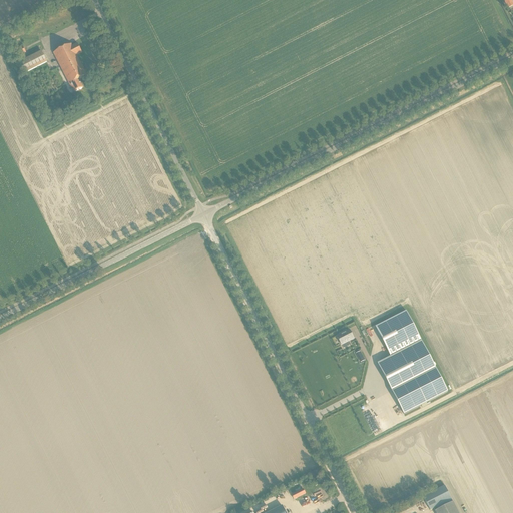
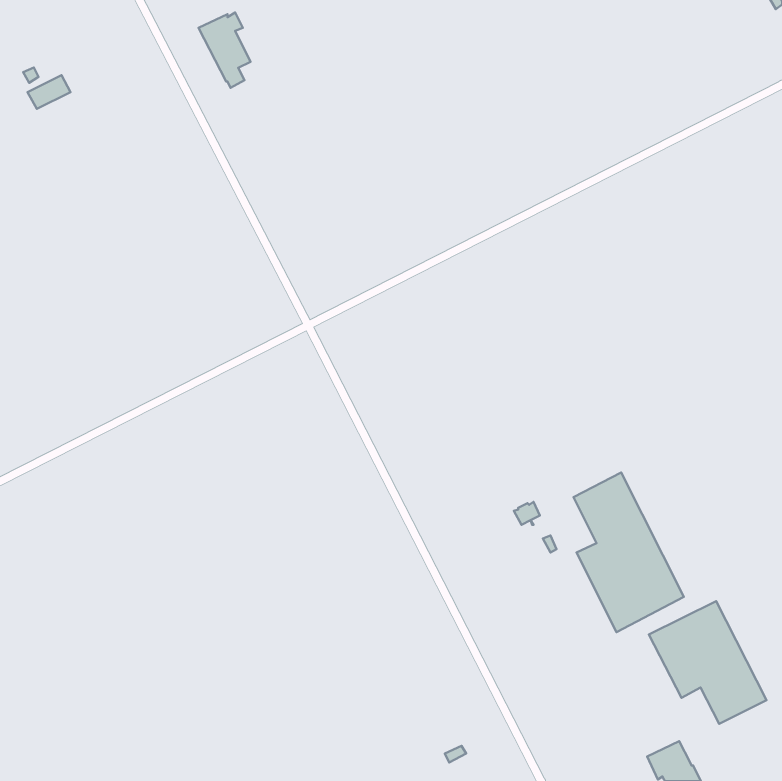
building: [52,41,86,90] -> [198,13,251,88]
building: none -> [649,601,766,724]

